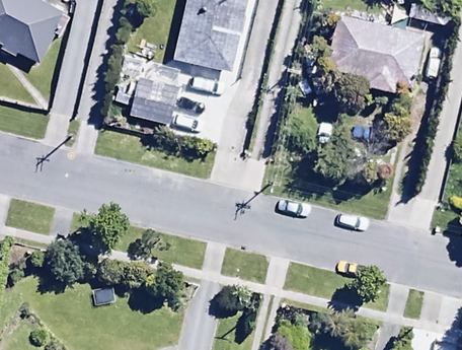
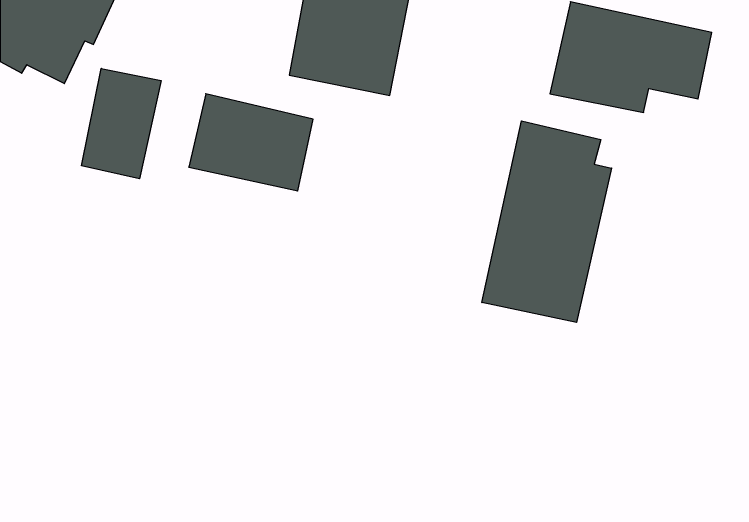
building: none -> [82,68,161,179]
building: none -> [482,121,612,322]

